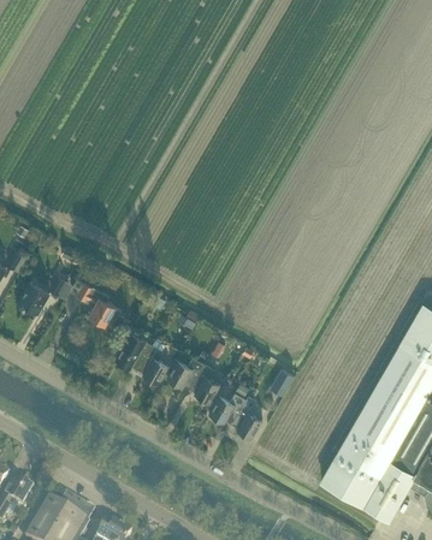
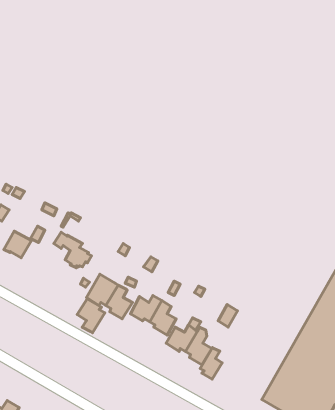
building: none -> [77,299,105,333]
building: none -> [200,347,222,379]

